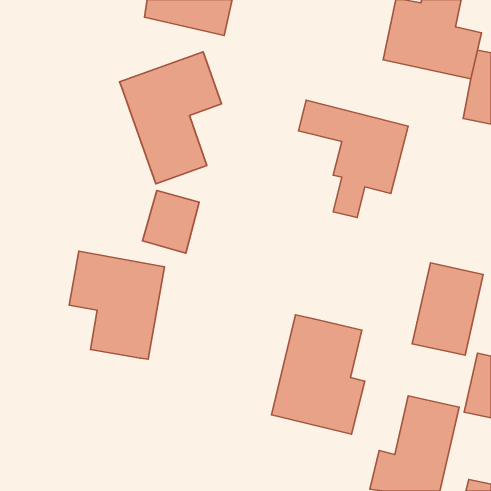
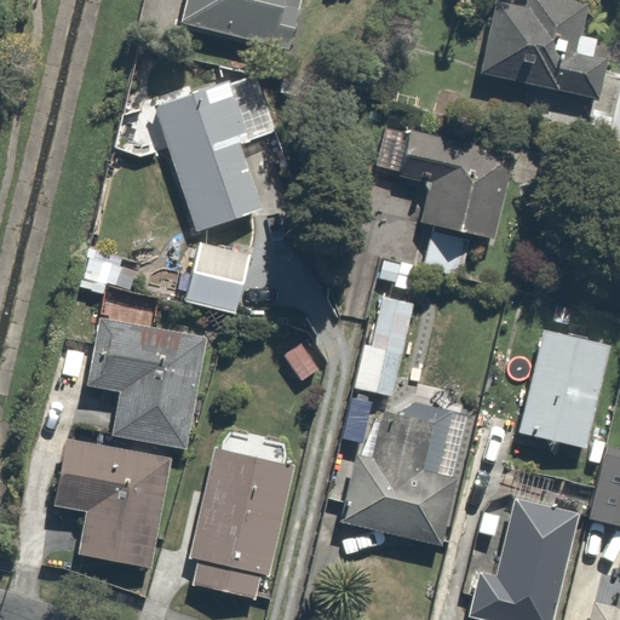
building: none -> [354,295,418,401]
building: none -> [186,432,287,601]
building: none -> [50,437,176,570]

